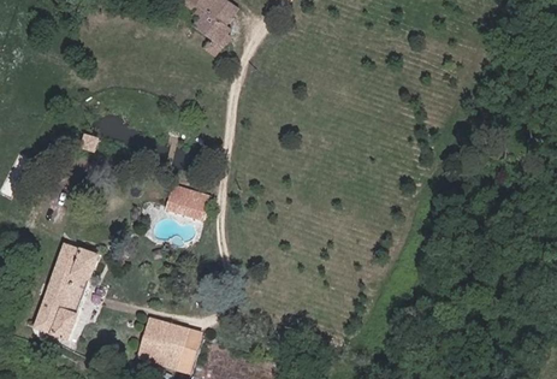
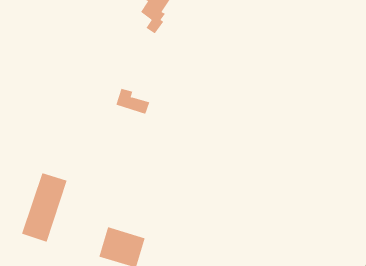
building: [164,185,211,221] -> [116,88,150,115]

